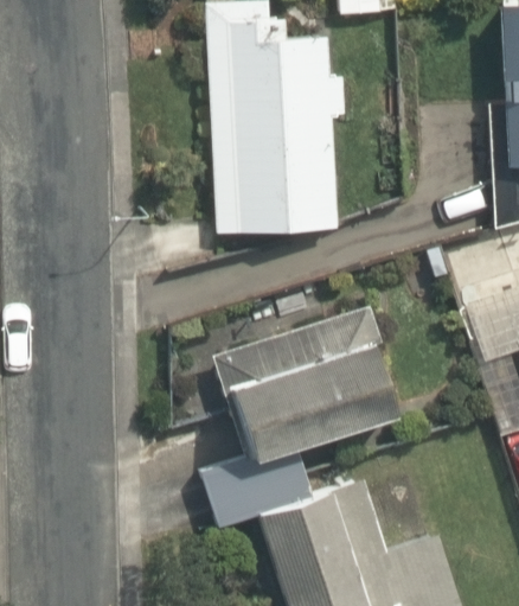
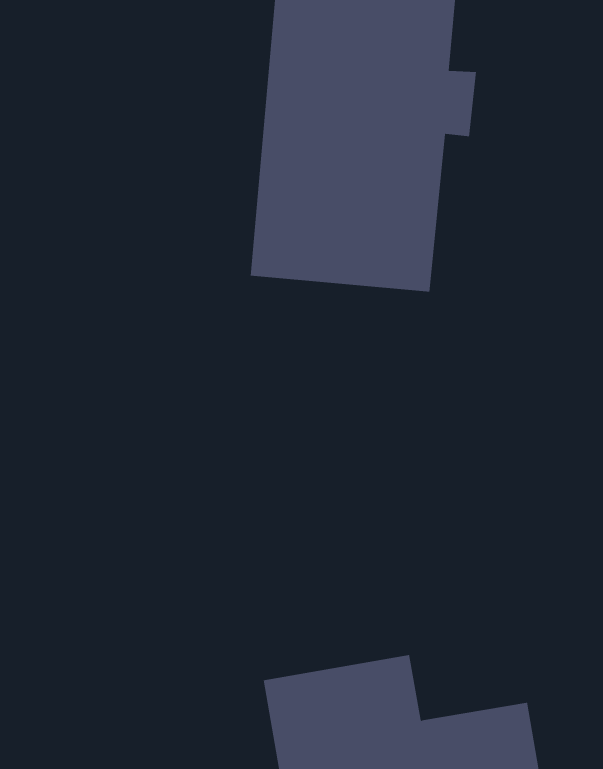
building: [218,312,404,467] -> none

